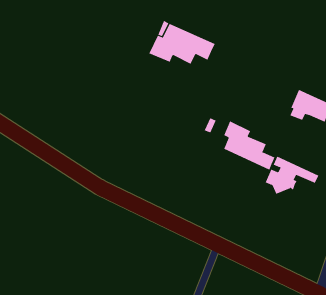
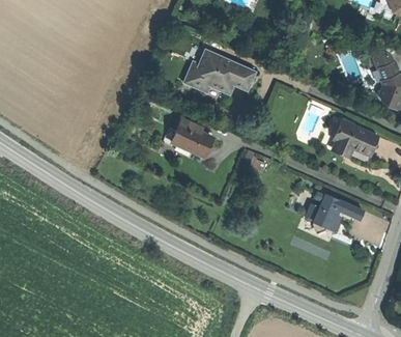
building: none -> [172,119,211,156]
building: [223,120,275,171] -> none

